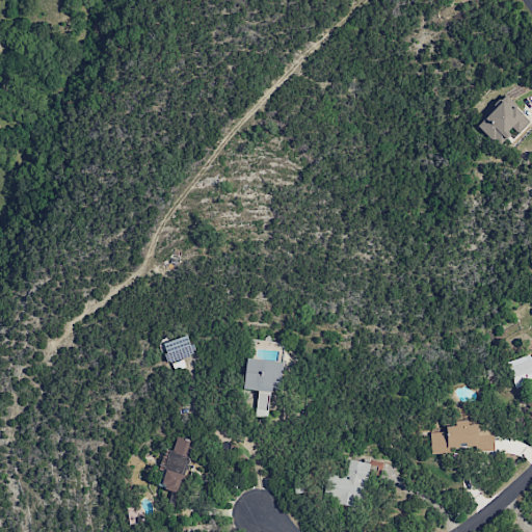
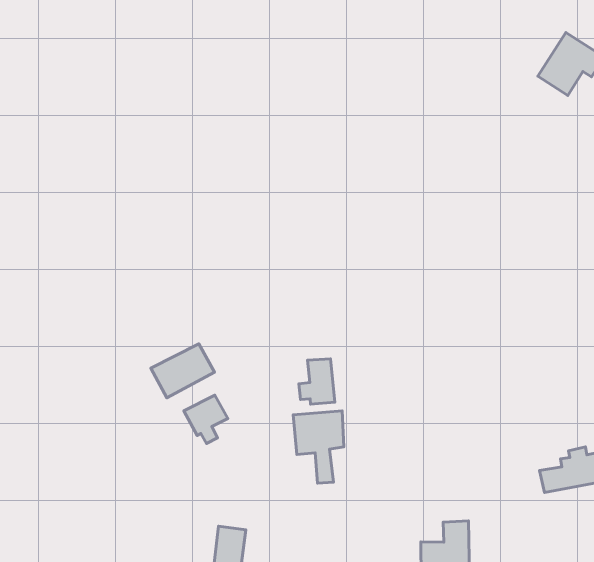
building: none -> [151,344,215,398]
building: none -> [299,359,335,404]

